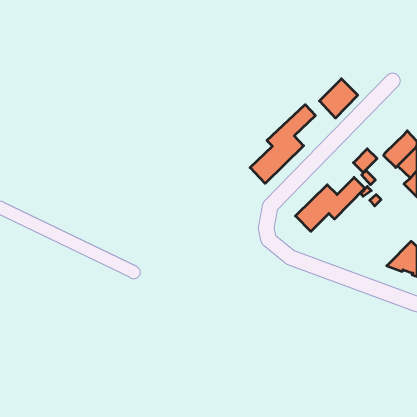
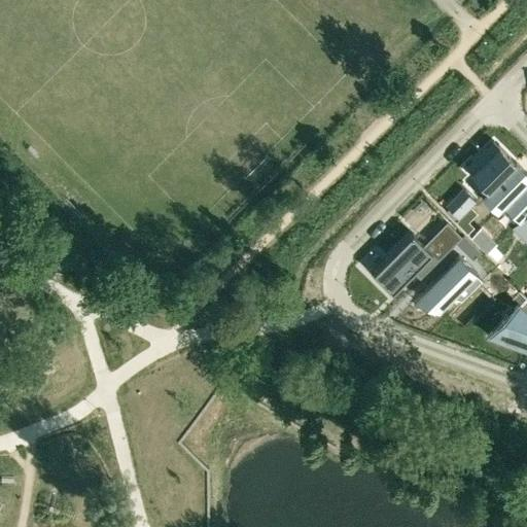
building: [319,79,358,118] -> [467,137,516,186]
building: [250,105,315,183] -> none
building: none -> [419,256,476,309]

